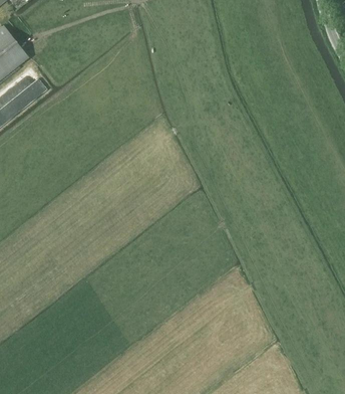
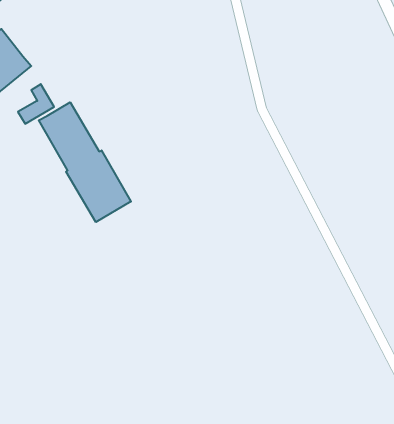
building: none -> [39,102,131,222]

